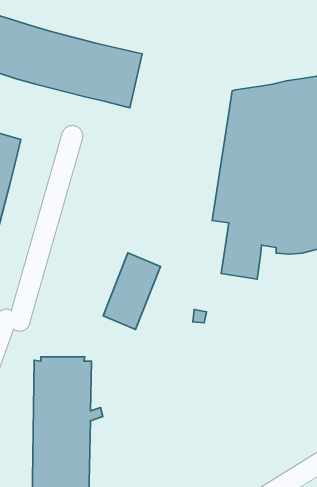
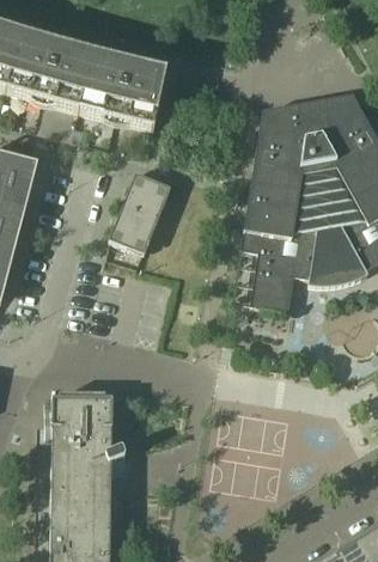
building: [103,253,160,330] -> [111,169,172,250]

